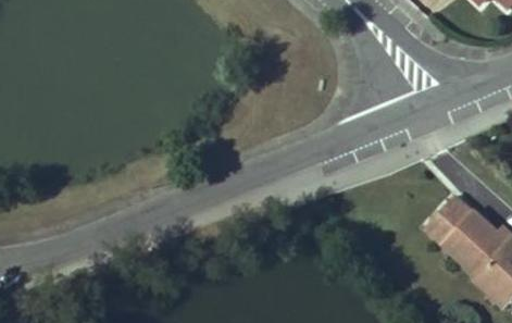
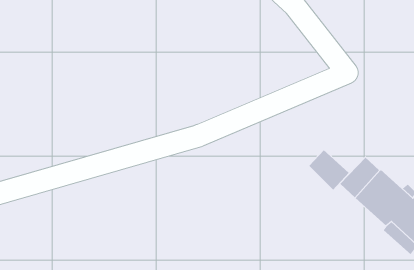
building: none -> [308,150,350,190]

